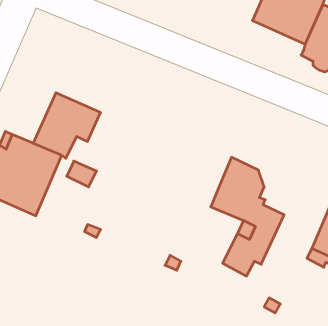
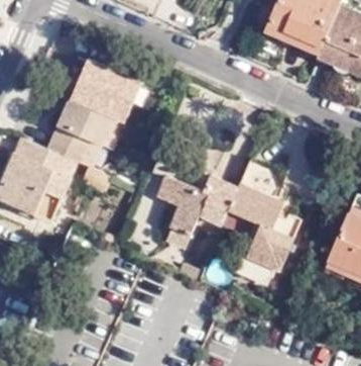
building: none -> [71,58,143,122]
building: none -> [155,175,239,249]

